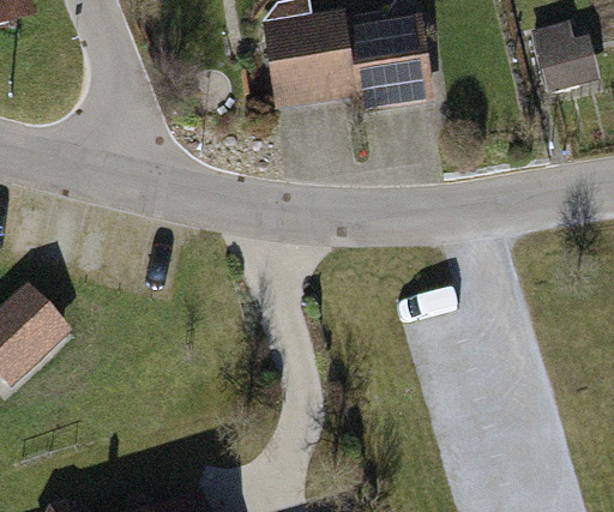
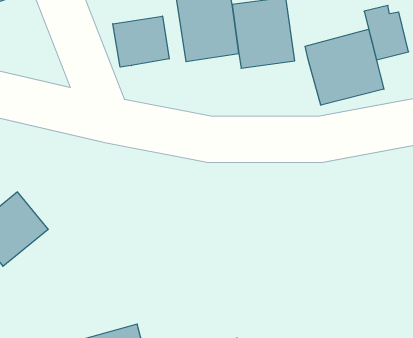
building: none -> [113,16,169,67]
building: none -> [305,29,384,105]

